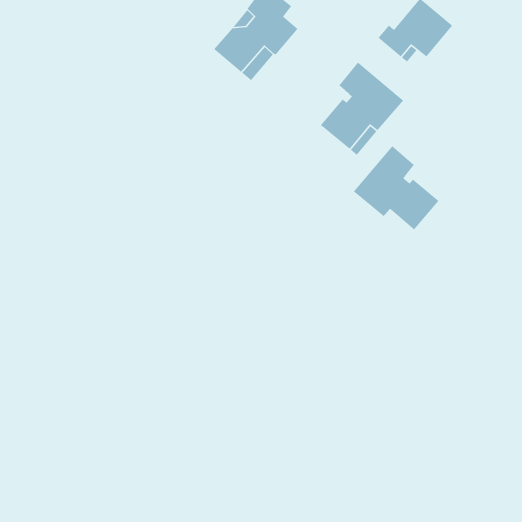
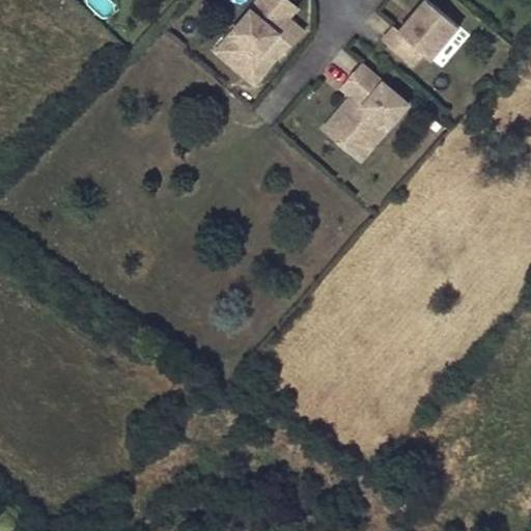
building: [353,145,439,230] -> none

